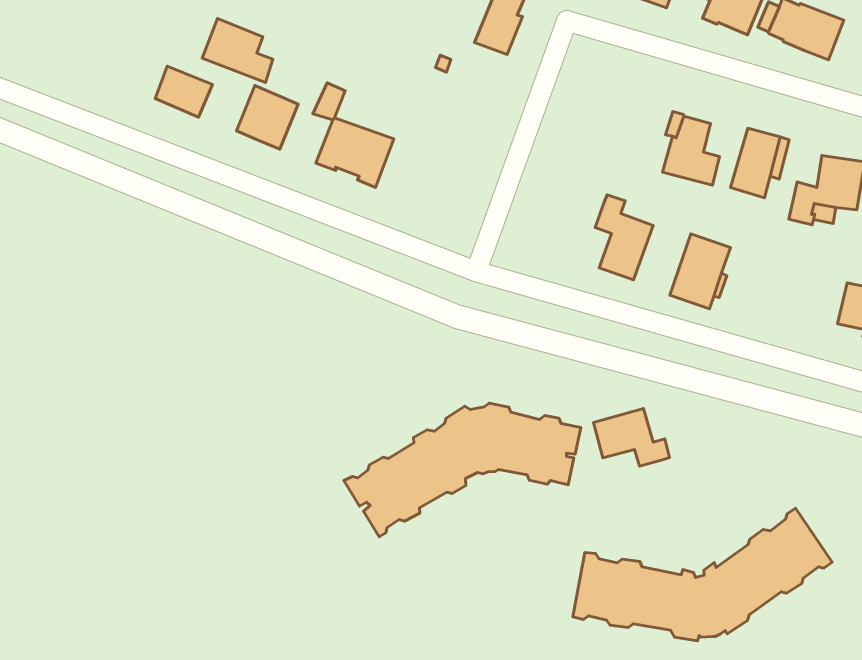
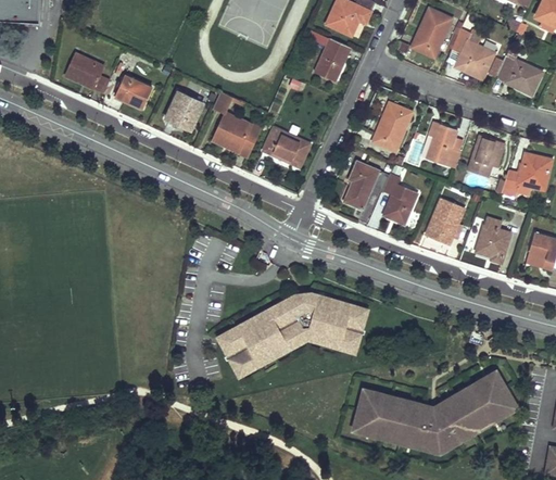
building: [202,18,273,83] -> [66,52,110,93]
building: none -> [372,103,412,151]
building: none -> [264,128,309,166]
building: none -> [343,161,389,209]
building: none -> [476,217,510,263]
building: [593,409,669,466] -> none

